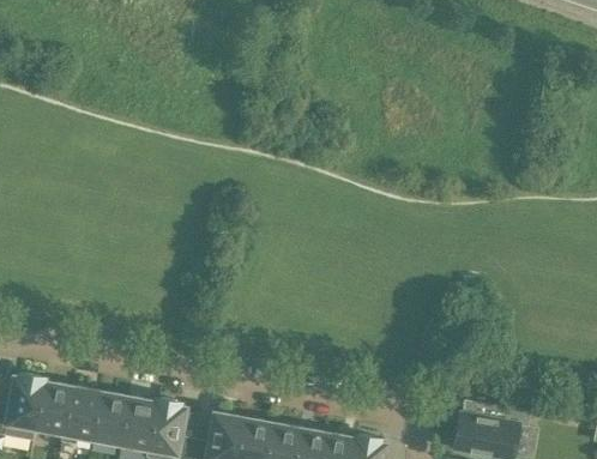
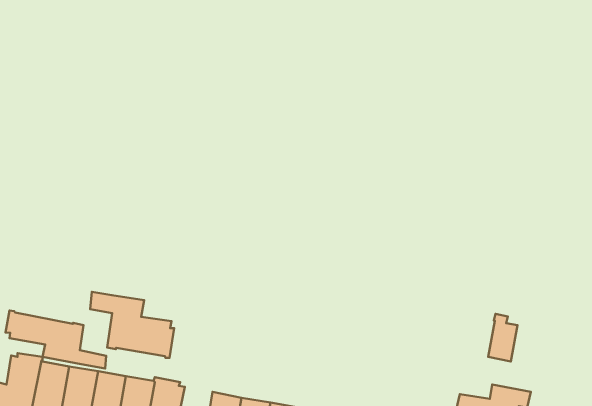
building: none -> [90,292,174,358]
building: none -> [6,311,106,369]
building: none -> [488,314,518,362]

